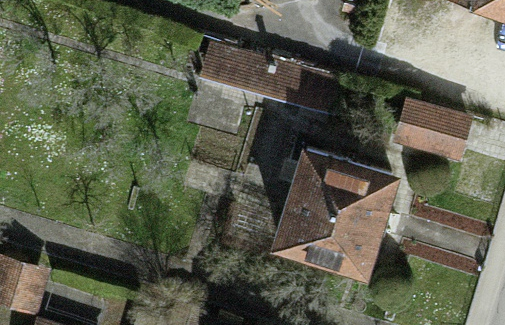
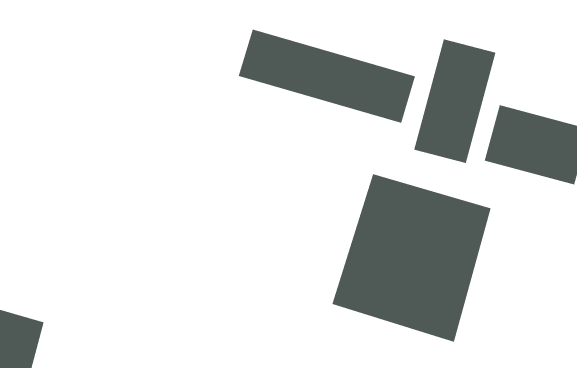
building: none -> [413,38,496,164]

